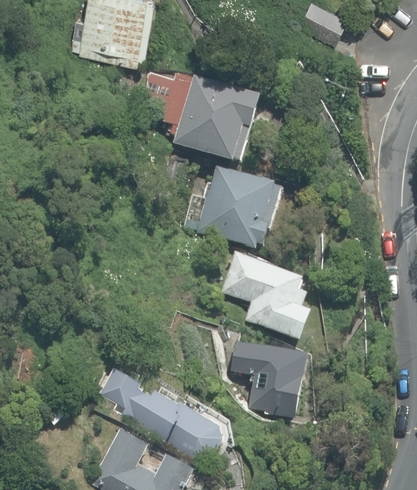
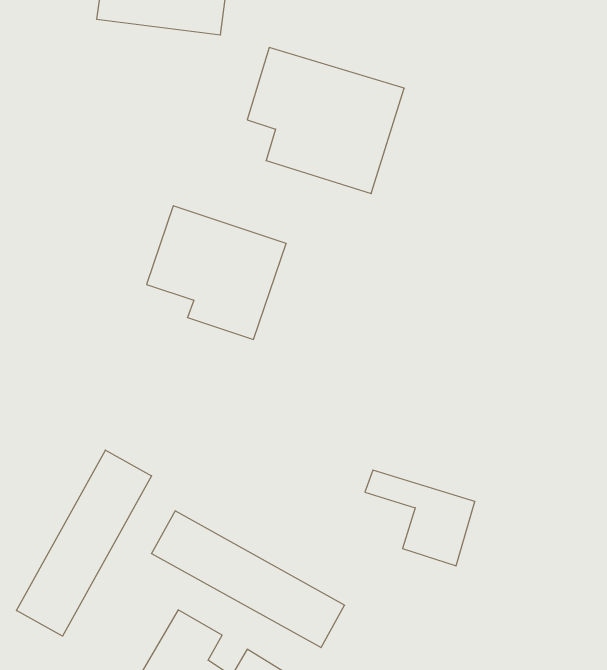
building: [192,163,282,249] -> [147,206,286,339]
building: [215,249,310,340] -> none
building: none -> [16,450,152,636]

